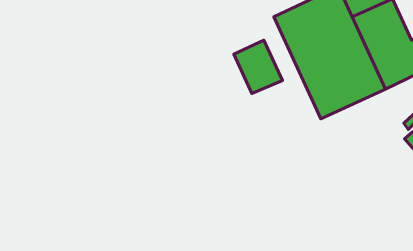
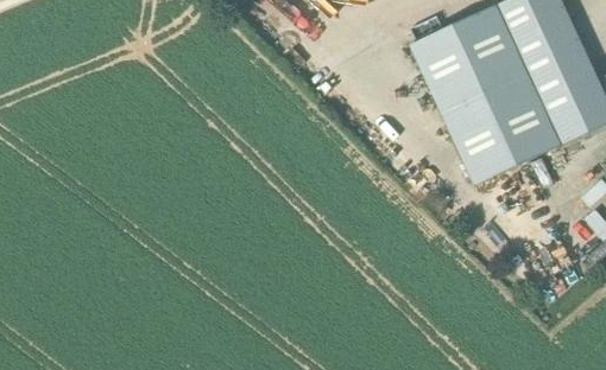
building: [234,40,283,94] -> none

